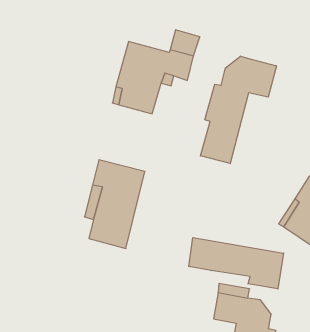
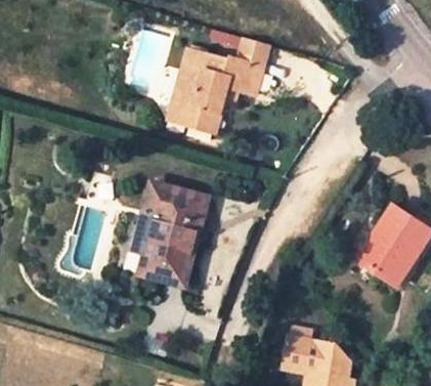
building: [200,56,276,164] -> none
building: [189,238,284,289] -> none

